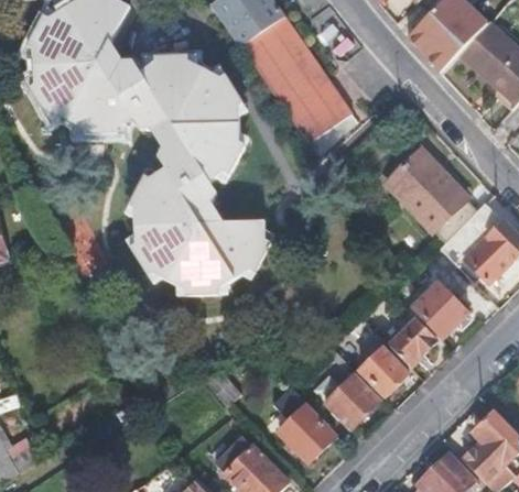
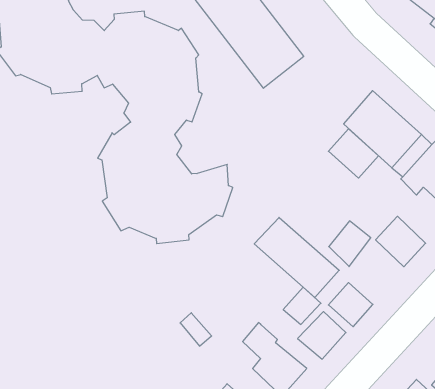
building: none -> [328,129,378,178]
building: none -> [254,217,339,298]
building: [390,321,434,369] -> [329,221,371,267]

